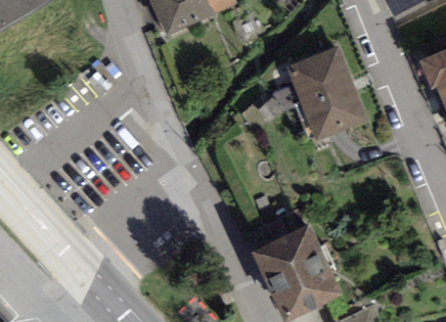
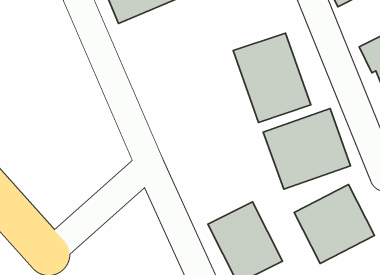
building: none -> [263,109,351,189]
building: none -> [294,185,374,263]

